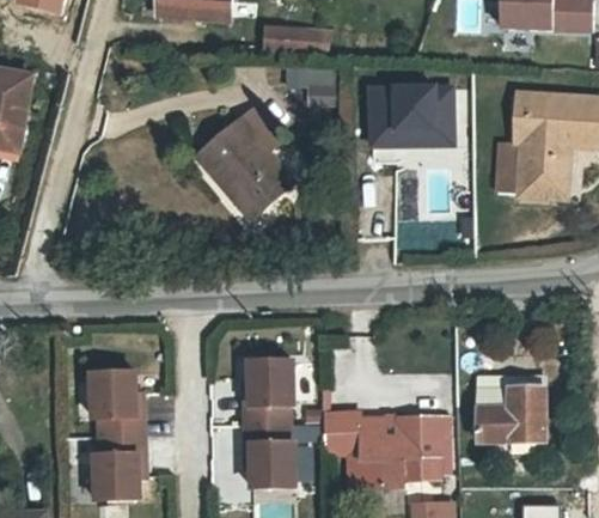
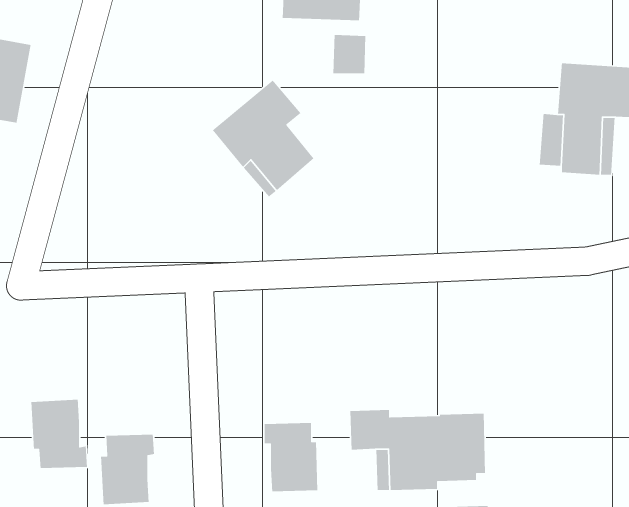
building: [359,78,450,144] -> none
building: [244,359,294,425] -> none
building: [91,371,143,435] -> [31,399,88,469]
building: [478,376,545,455] -> none

